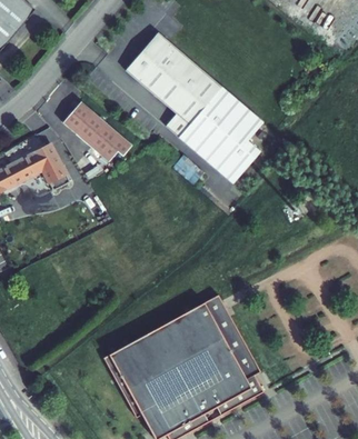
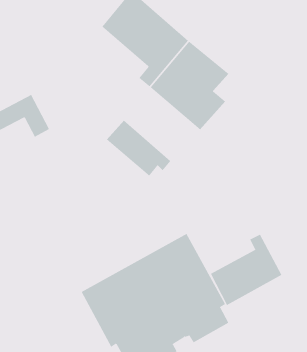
building: [61,100,131,161] -> [106,120,171,176]
building: none -> [210,234,282,306]

